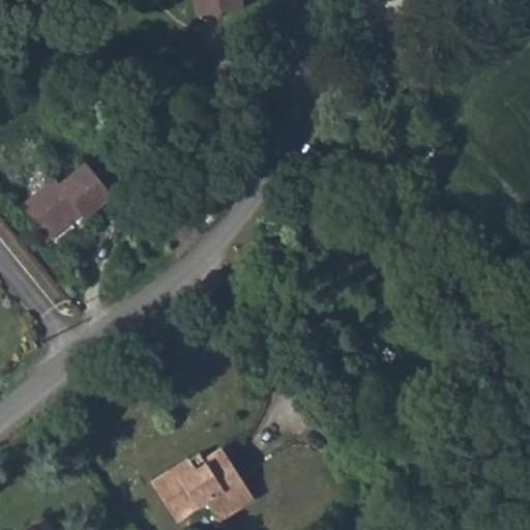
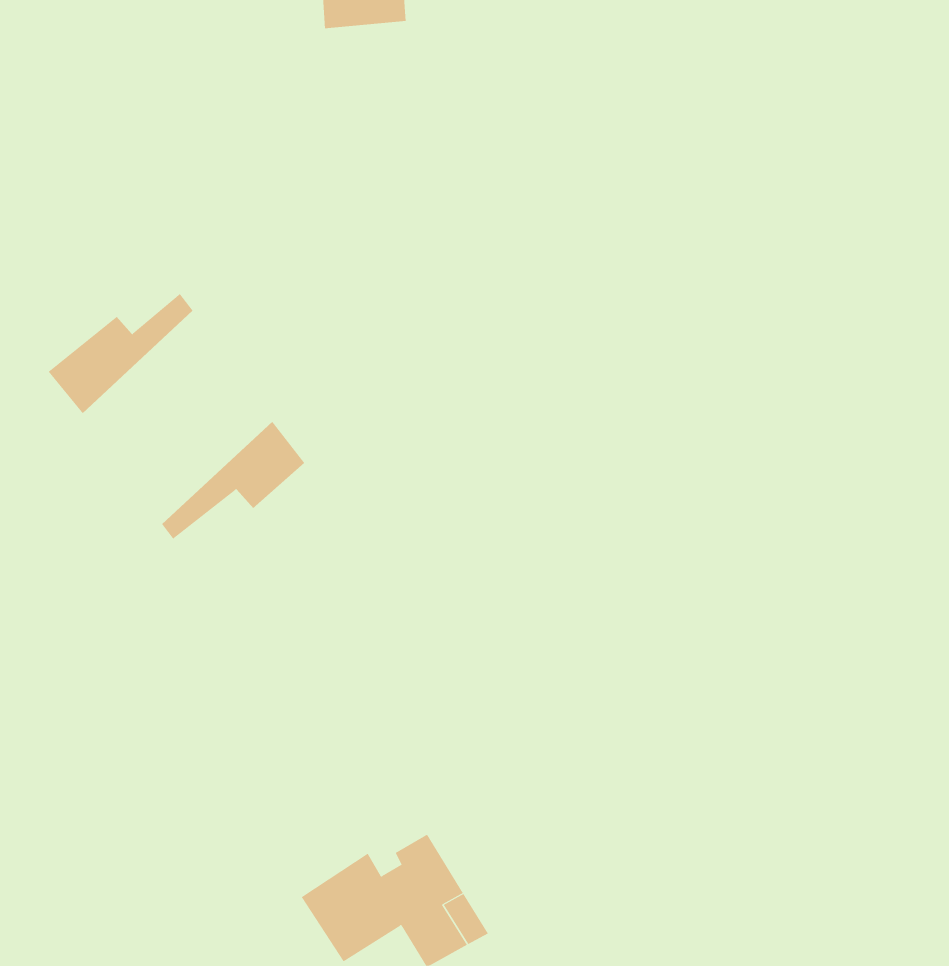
building: [45,168,122,232] -> [161,421,305,540]

